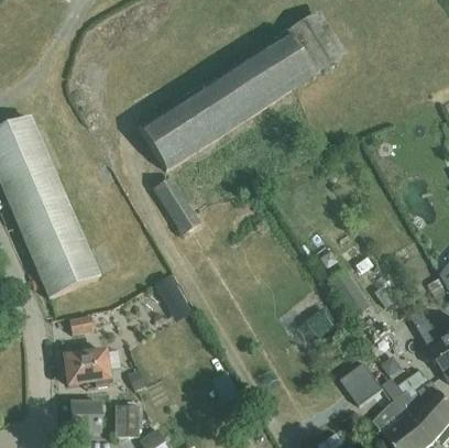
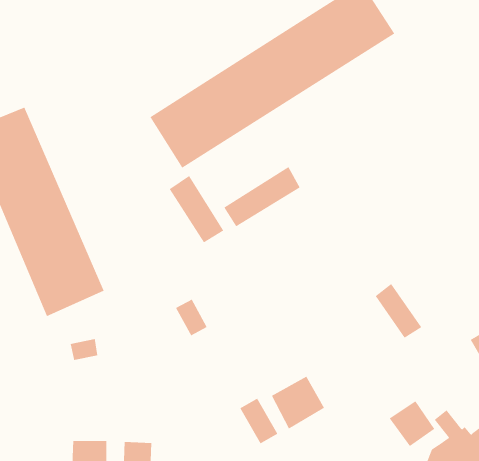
building: none -> [223,166,300,227]
building: none -> [271,376,325,429]
building: [63,348,122,386] -> none

